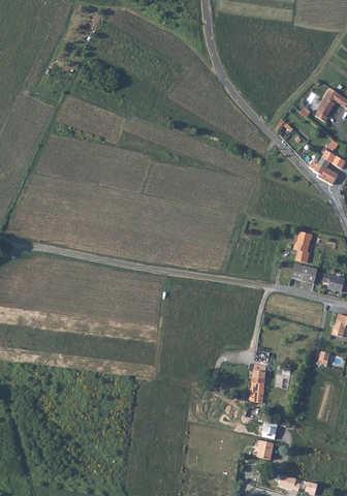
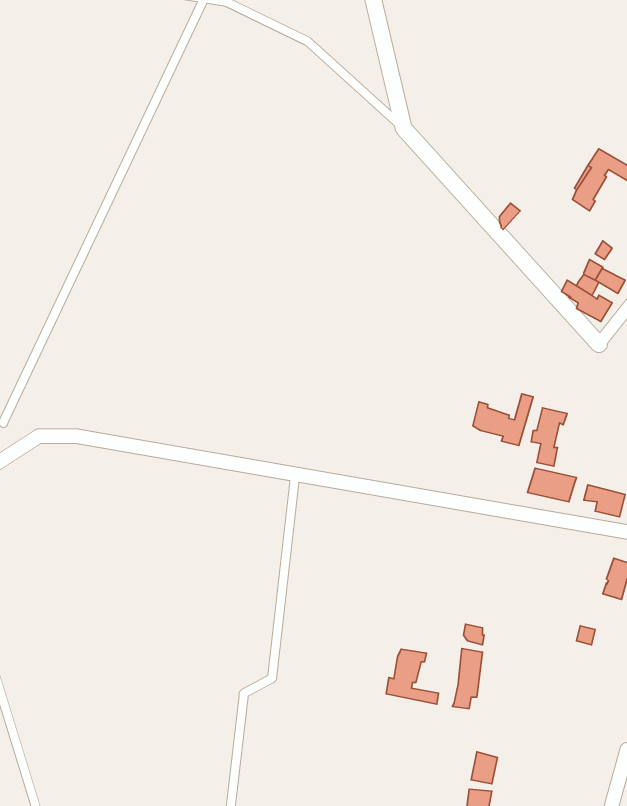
building: none -> [473,394,533,445]
building: none -> [386,649,439,704]

